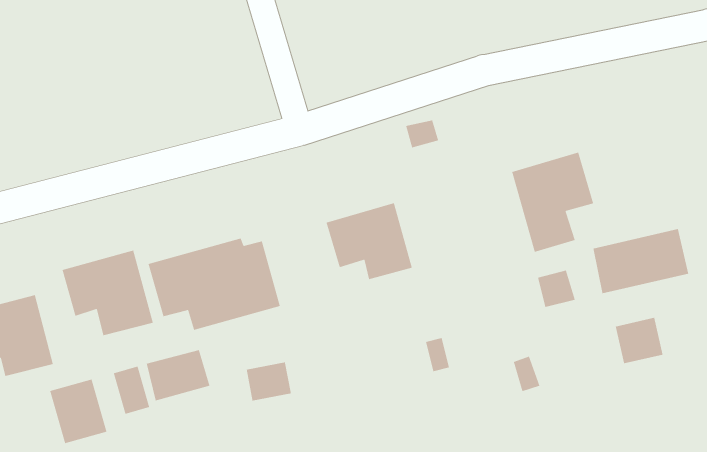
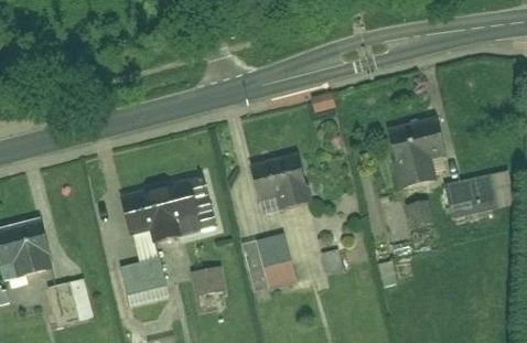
building: [62,249,154,336] -> none
building: none -> [243,232,297,293]
building: [615,317,663,364] -> none
building: [113,366,150,415] -> none

